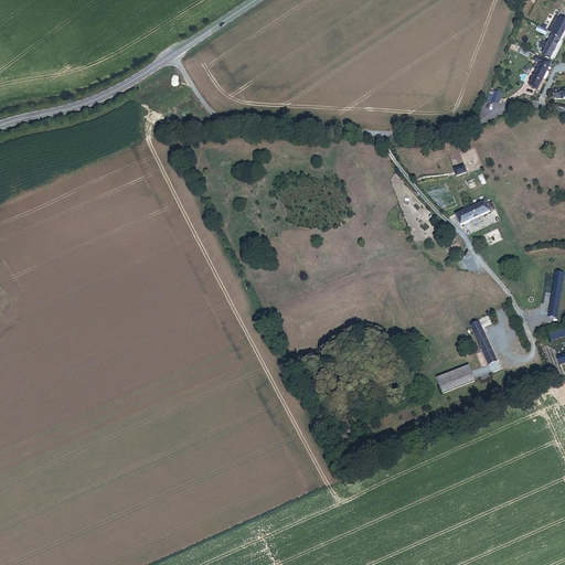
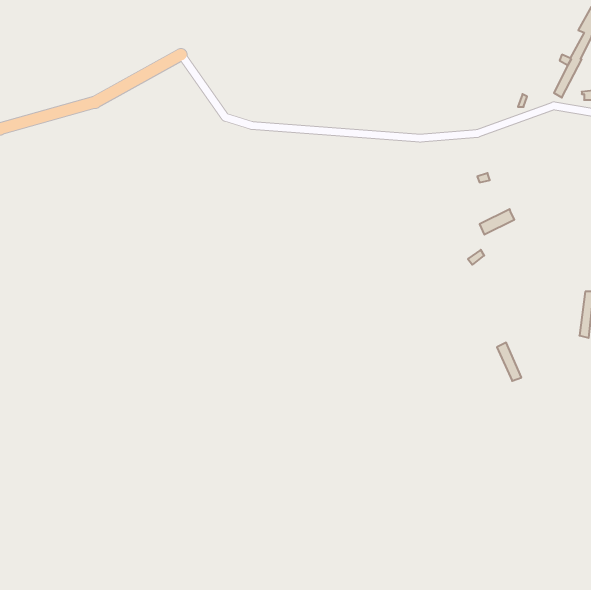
building: [438,363,476,392] -> none

